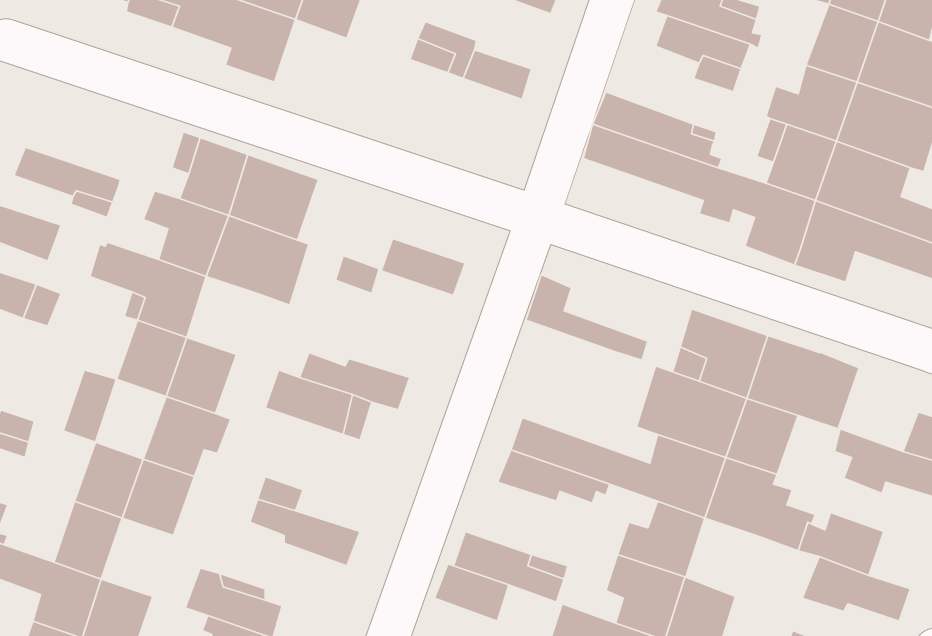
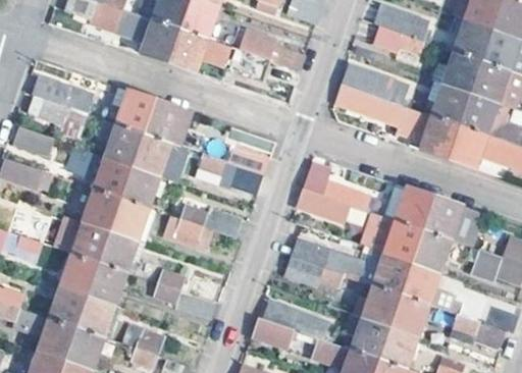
building: none -> [168,28,231,71]
building: none -> [35,76,93,113]
building: none -> [121,165,159,207]
building: none -> [297,189,352,225]
building: none -> [72,220,110,263]
building: none -> [75,295,114,336]
building: none -> [388,295,426,336]

